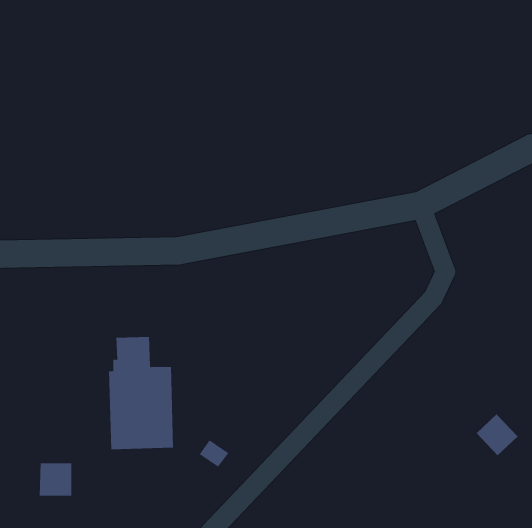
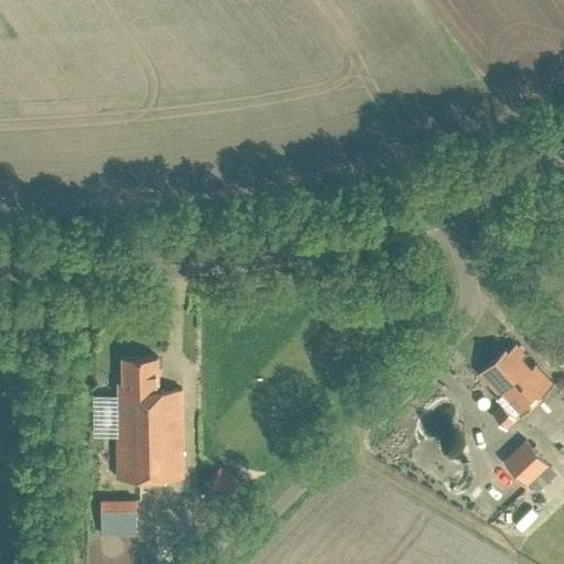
building: none -> [478,345,554,432]
building: [39,463,72,496] -> [101,502,137,538]

